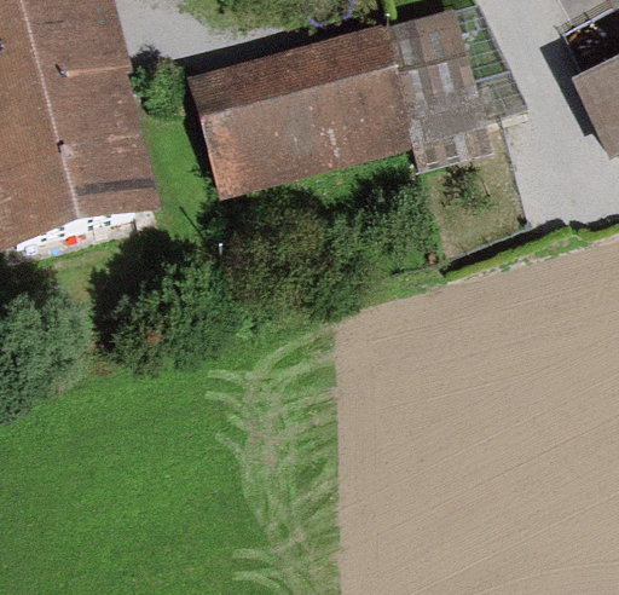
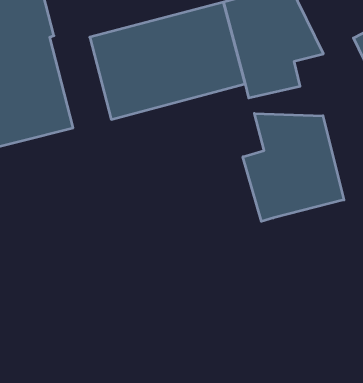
building: none -> [243,113,344,221]

